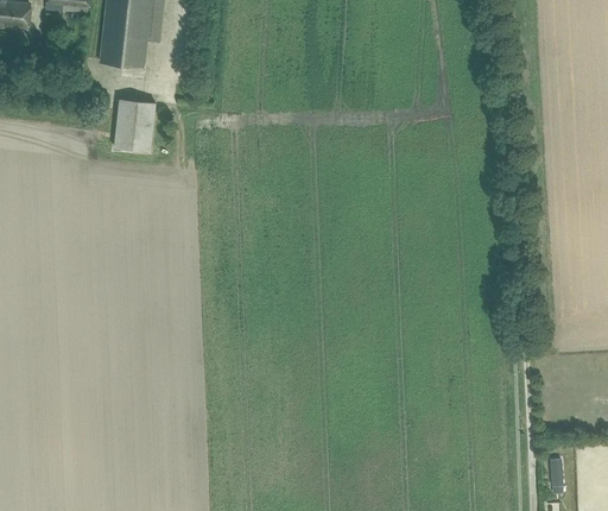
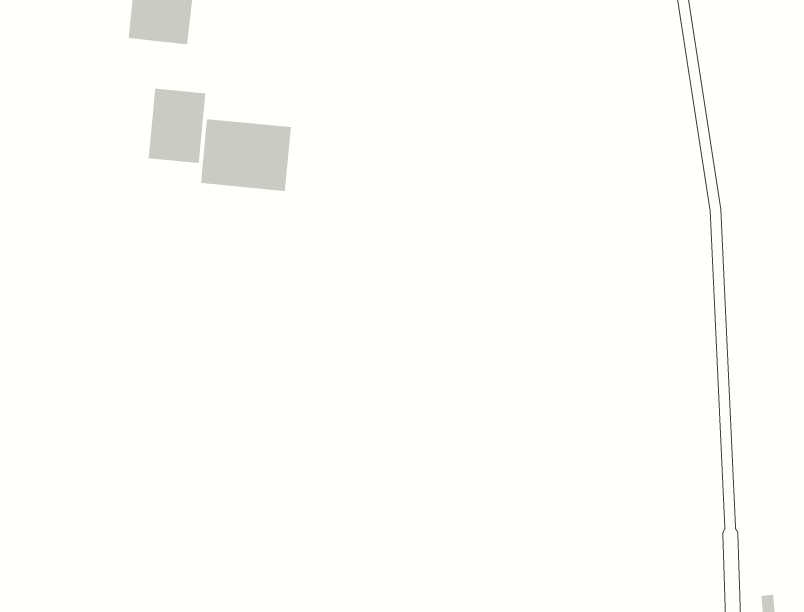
building: none -> [201,118,291,192]

